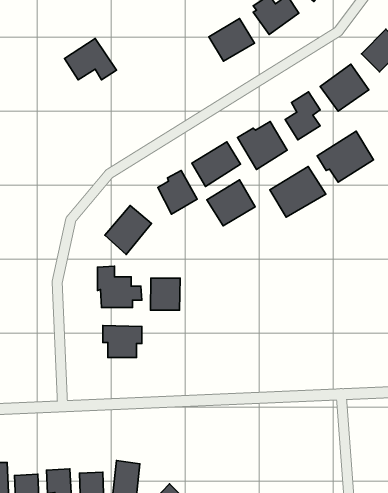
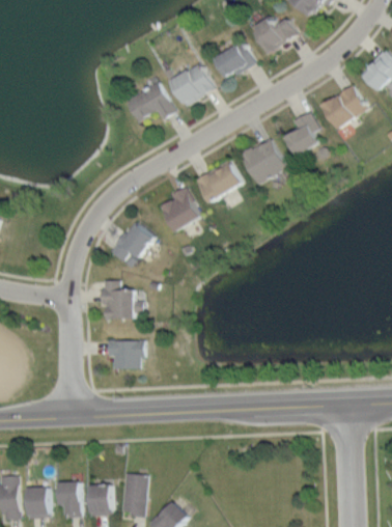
building: [64,38,116,80] -> [127,81,177,121]
building: none -> [169,62,216,107]
building: [317,131,373,182] -> none
building: [270,167,326,217] -> none
building: [207,180,255,226] -> none
building: [150,278,180,310] -> none

